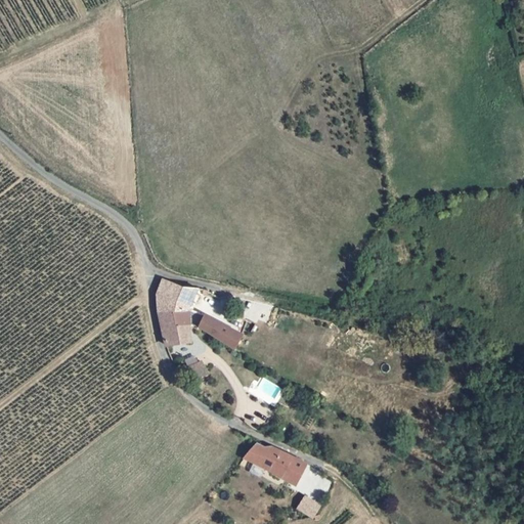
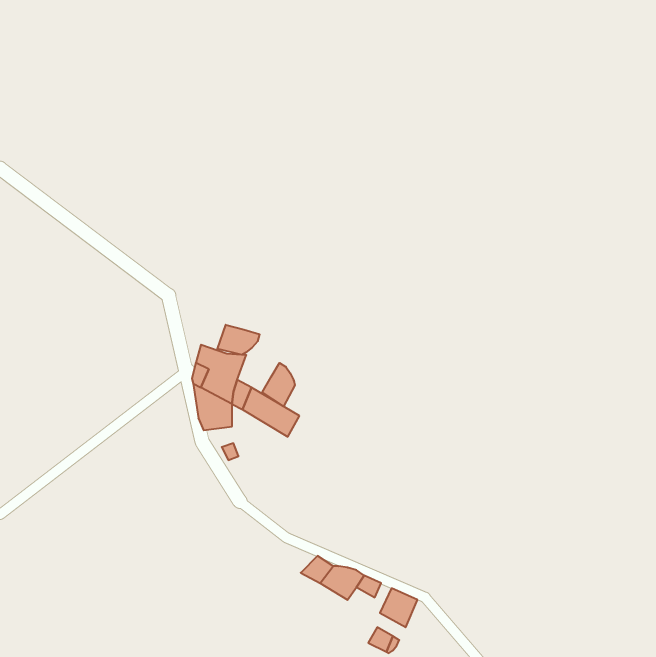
building: none -> [217,325,260,355]
building: none -> [262,363,295,407]

